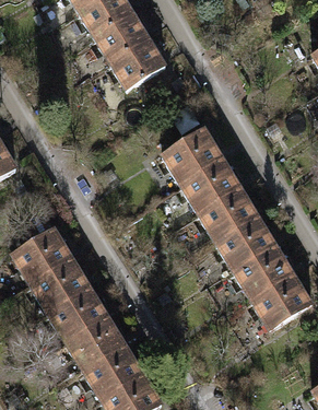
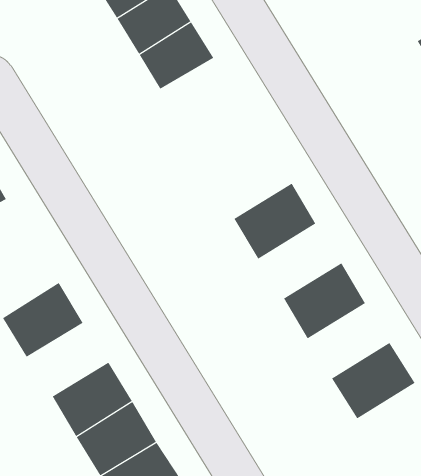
building: [161,128,222,183] -> none
building: [197,186,258,241] -> none
building: [233,244,293,298] -> none
building: [28,258,89,312] -> none

